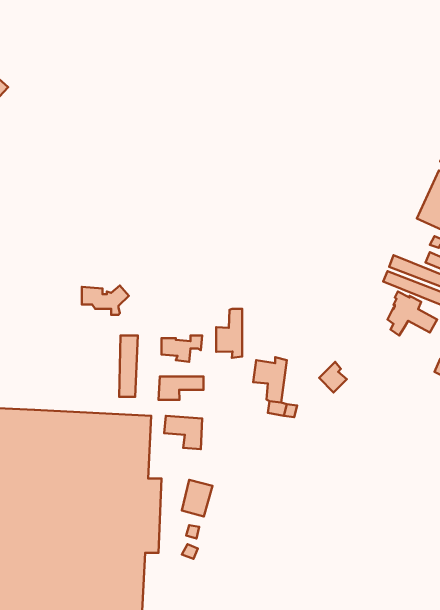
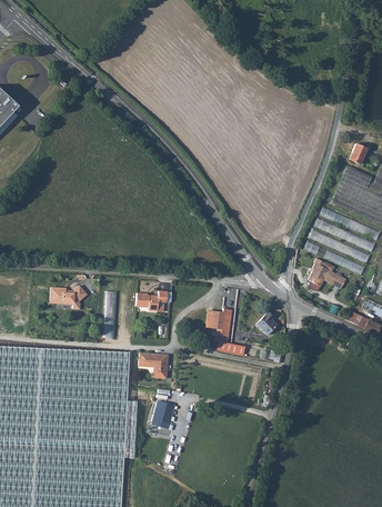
building: [82,285,129,315] -> [50,286,86,308]
building: [216,309,242,358] -> none
building: [159,377,203,400] -> none

